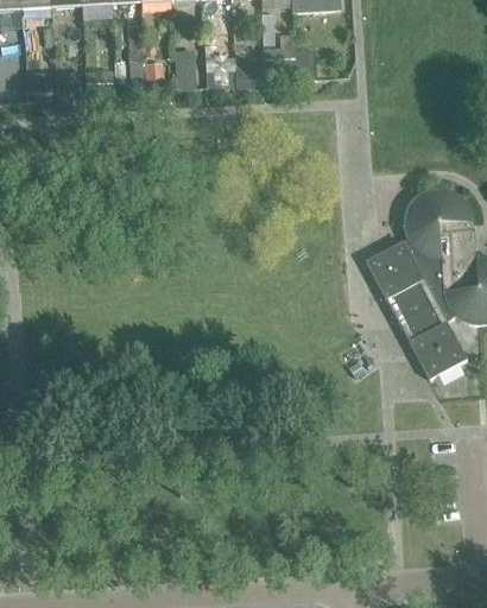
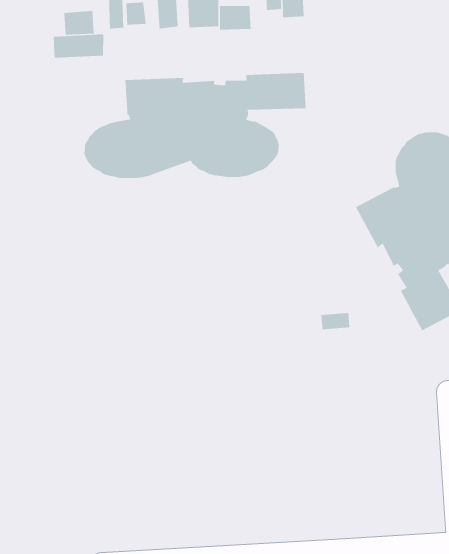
building: none -> [53,33,104,59]
building: none -> [84,72,306,179]

